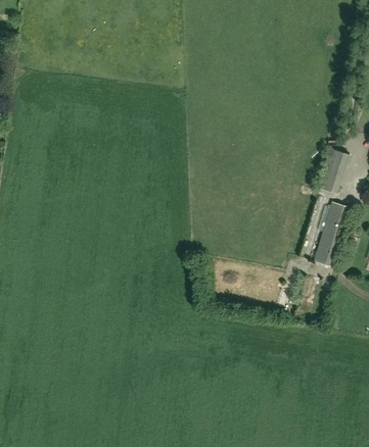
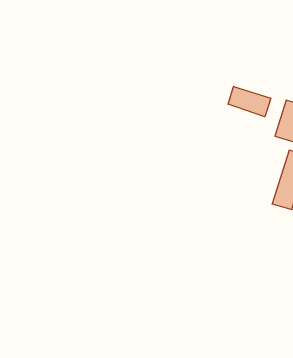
building: none -> [228,86,271,117]

